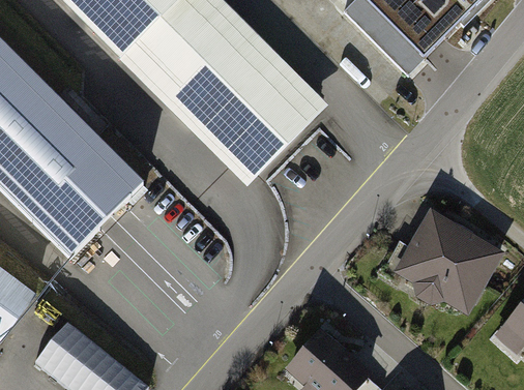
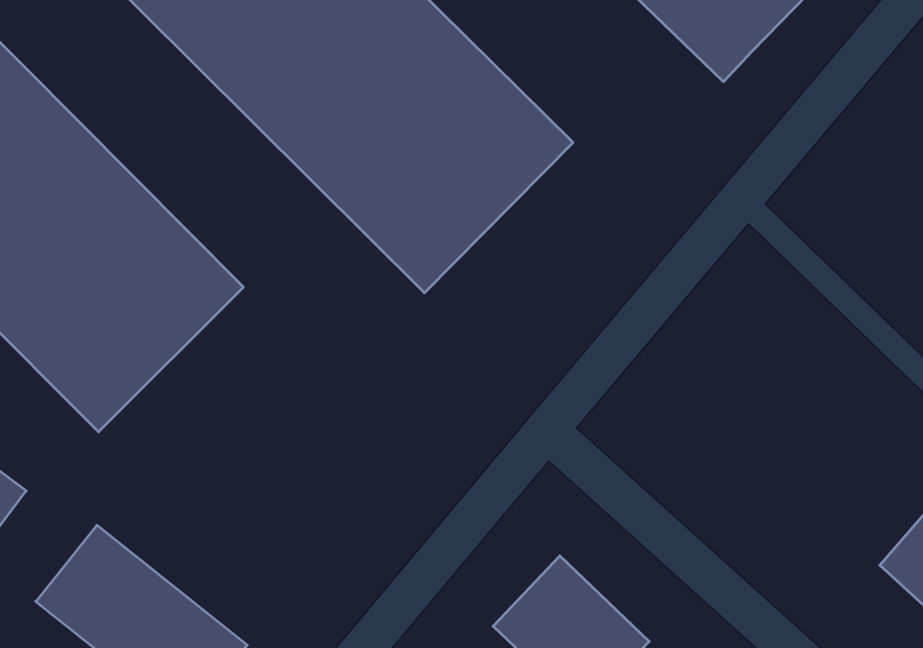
building: [385,207,505,313] -> none

